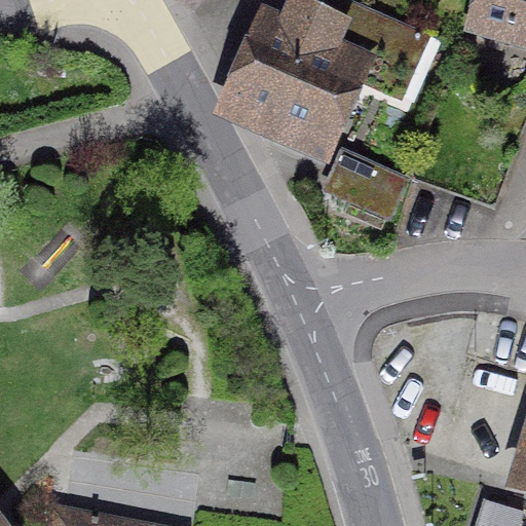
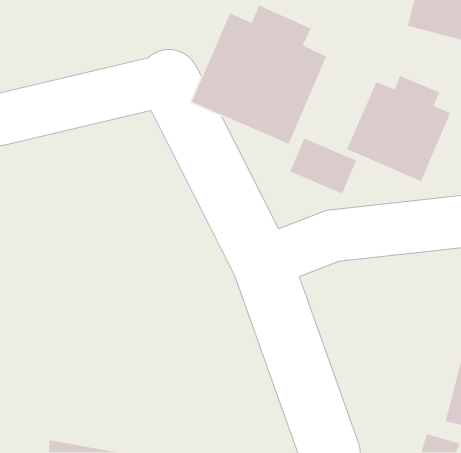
building: none -> [346,75,451,182]

